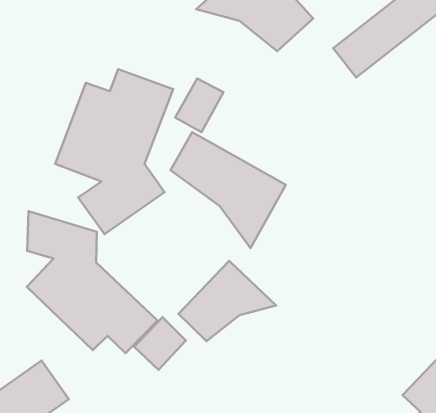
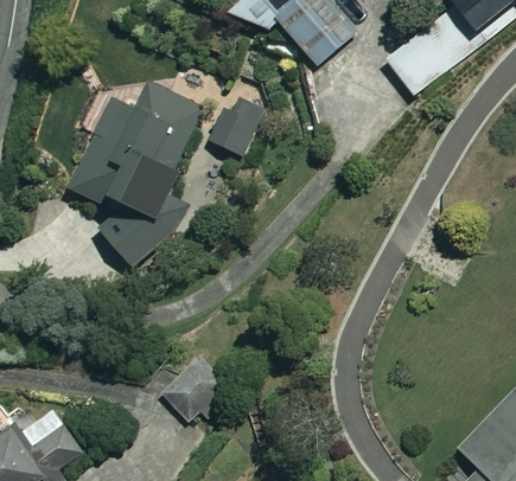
building: [170,132,286,248] -> none
building: [27,211,157,353] -> none
building: [178,261,276,341] -> none

